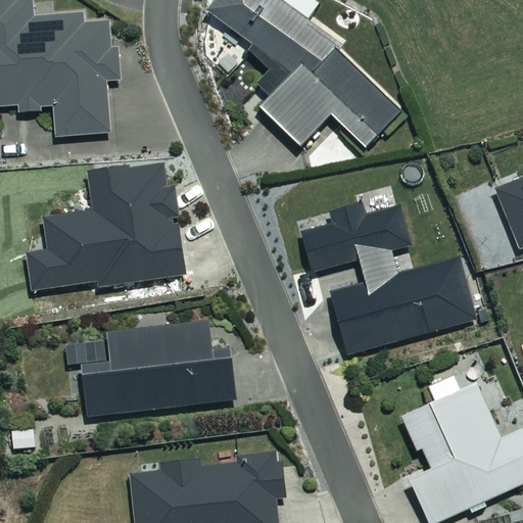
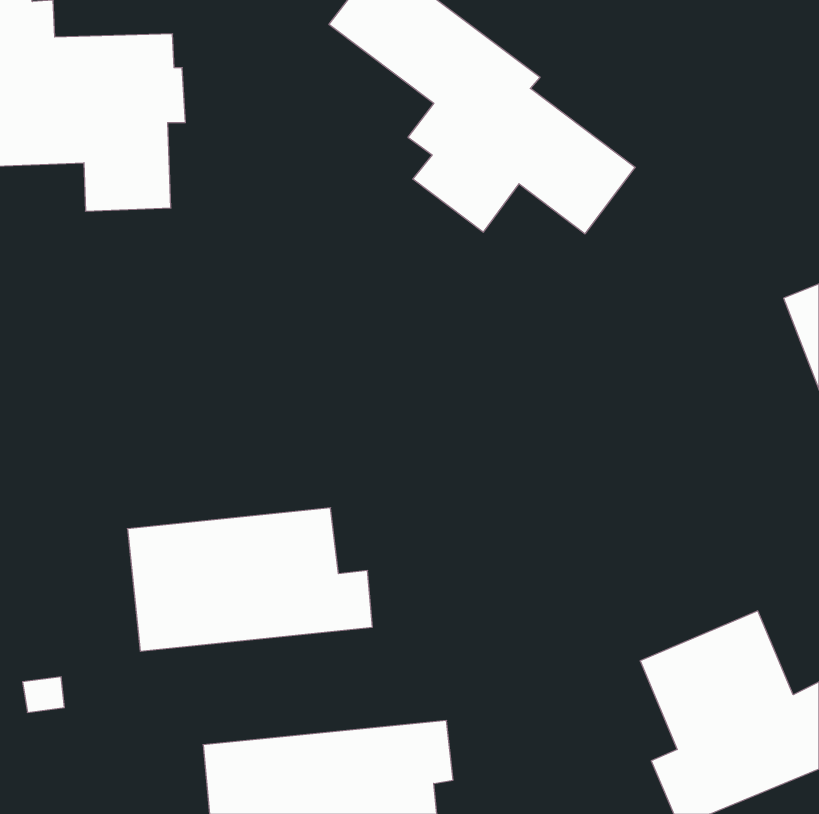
building: [26,168,184,286] -> none
building: [302,207,475,350] -> none

